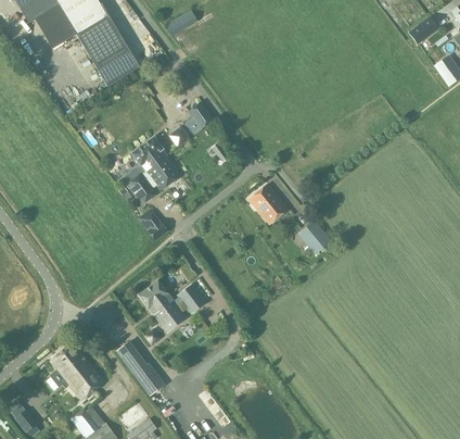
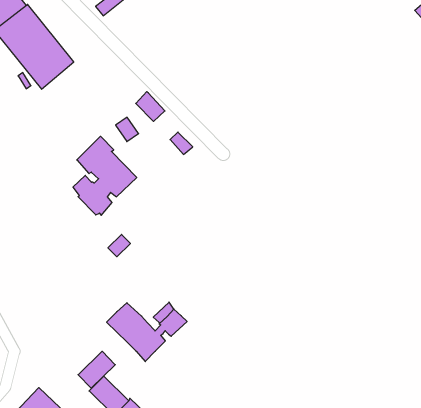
building: [248,183,288,223] -> none
building: [297,218,331,253] -> none
building: none -> [78,351,115,388]

